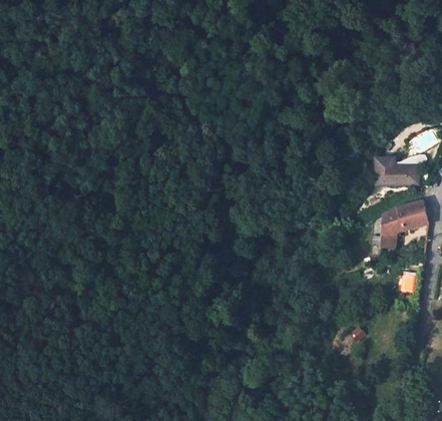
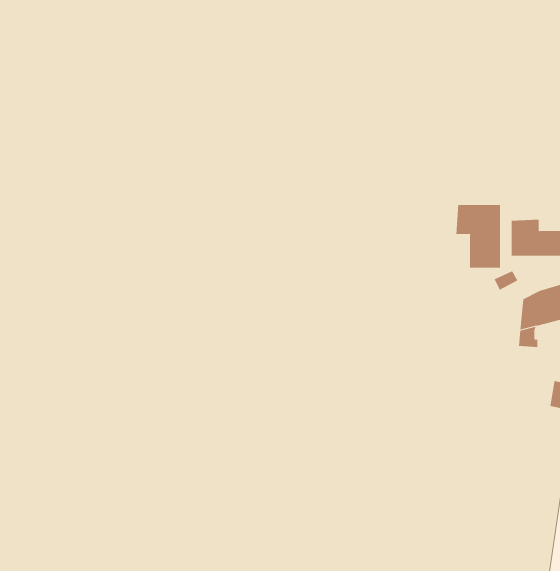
building: none -> [456,204,500,268]

